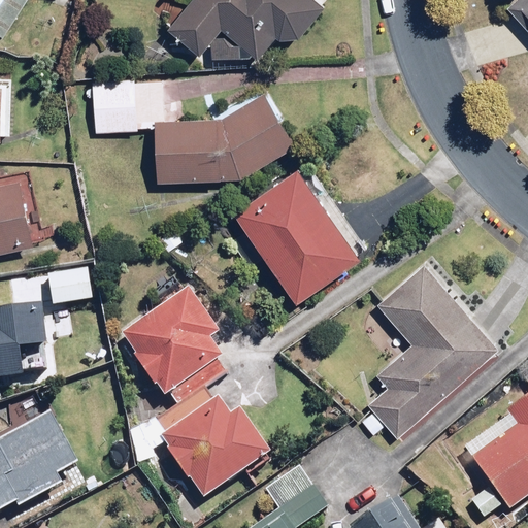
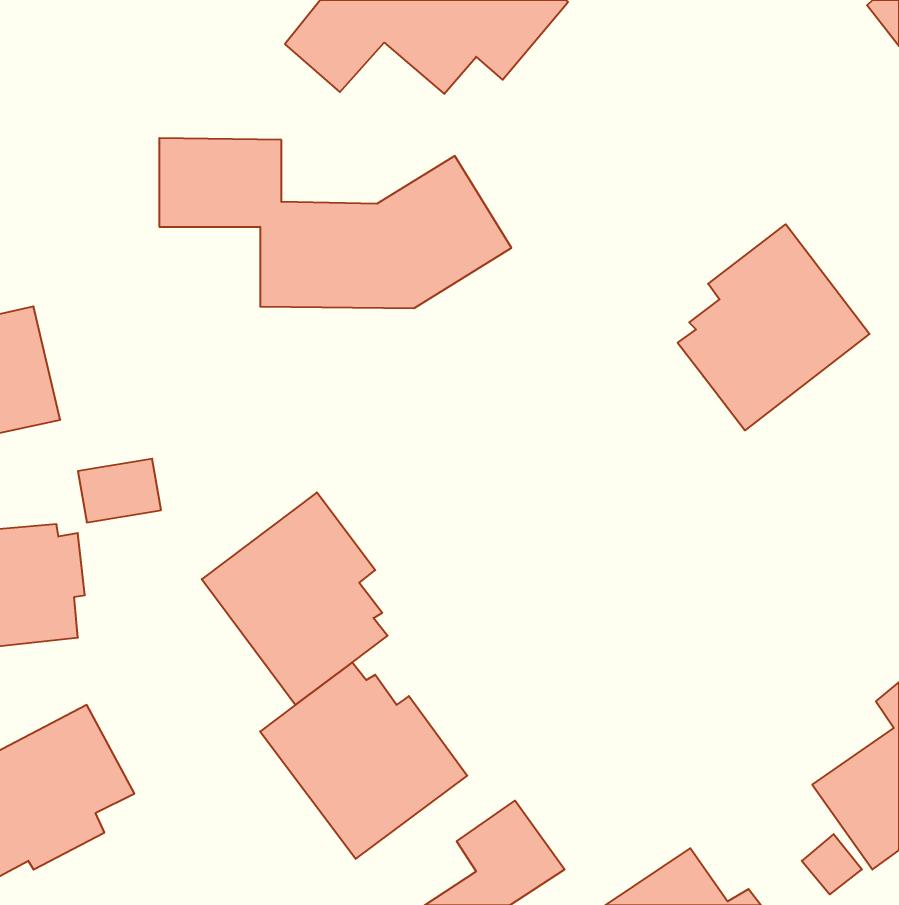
building: none -> [678,224,870,430]
building: [232,156,371,299] -> none
building: [360,262,499,437] -> none

